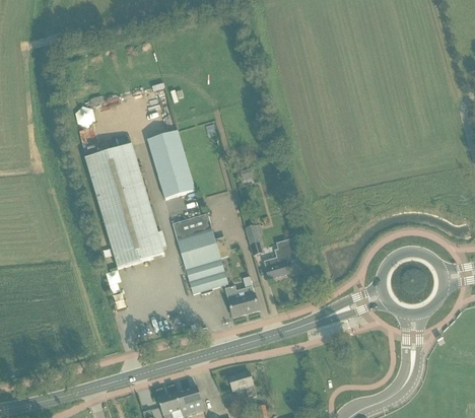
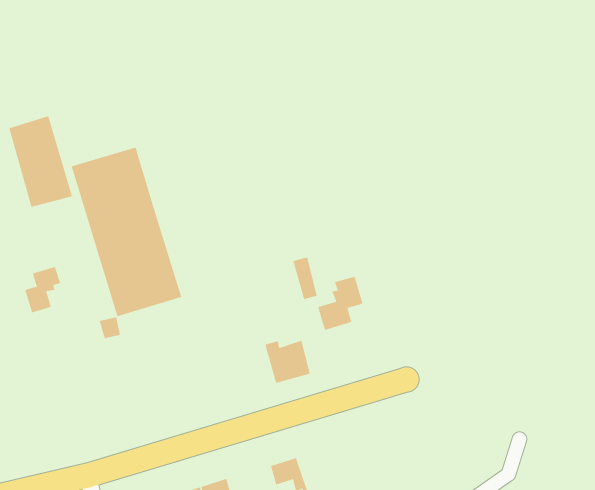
building: [148,131,195,198] -> [9,116,73,208]
building: [173,213,228,293] -> none
building: none -> [25,266,61,313]

